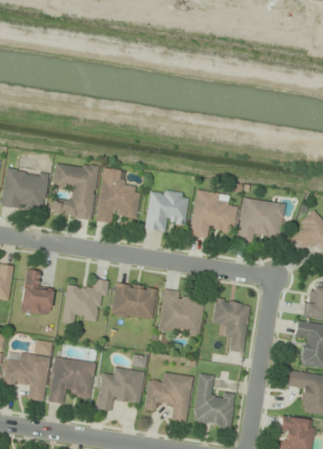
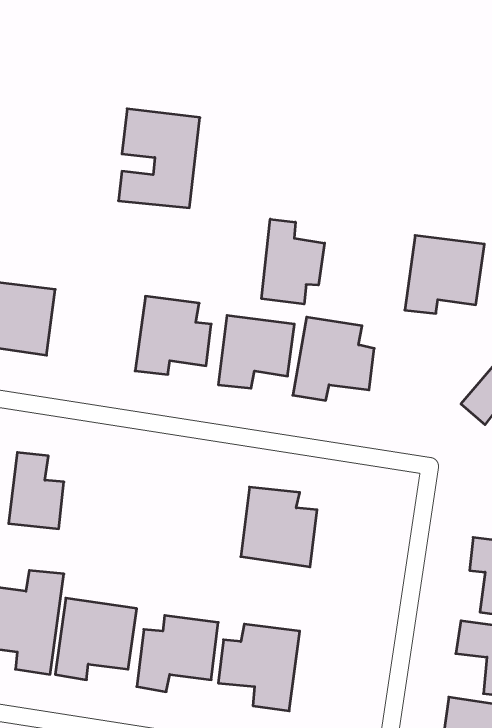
building: none -> [262,219,325,304]
building: [49,161,98,219] -> [118,109,200,208]
building: [237,198,284,244] -> [405,235,484,313]
building: [62,281,106,324] -> none
building: [109,281,156,321] -> none
building: [210,298,251,353] -> none
building: [191,374,235,428] -> none

